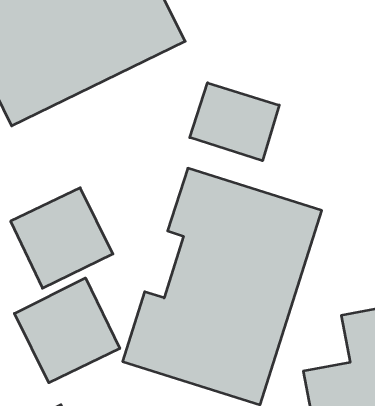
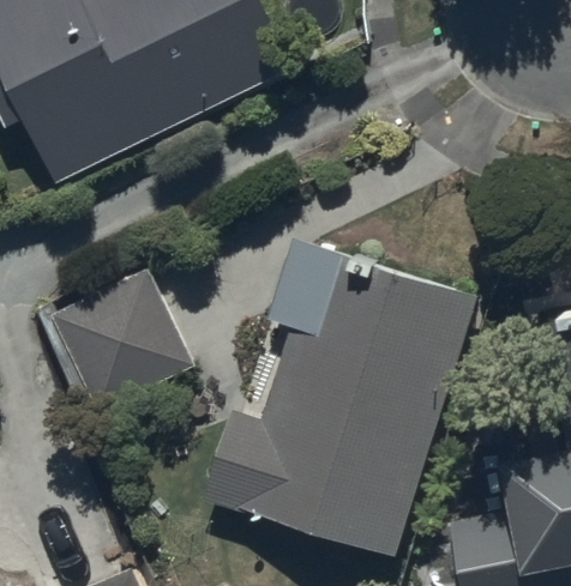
building: [190,83,279,161] -> none
building: [14,278,120,383] -> none

